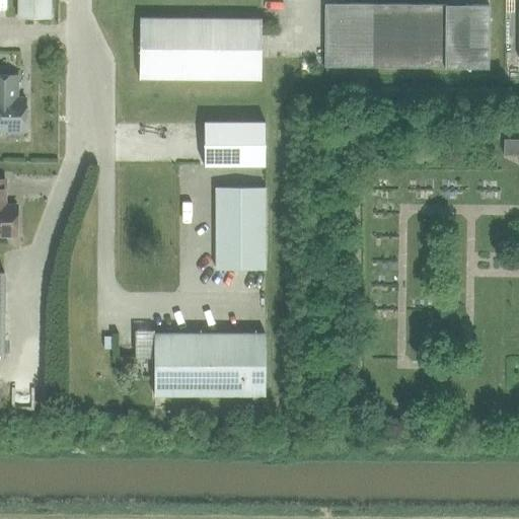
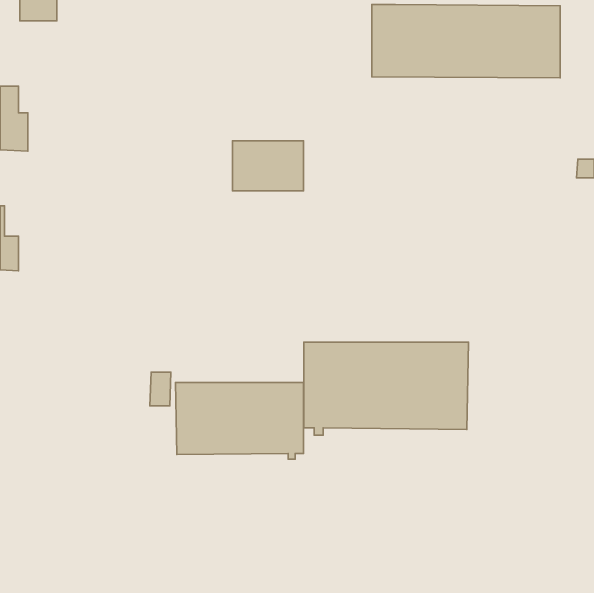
building: [139,17,262,80] -> none
building: [216,188,265,270] -> none
building: none -> [304,342,468,435]

